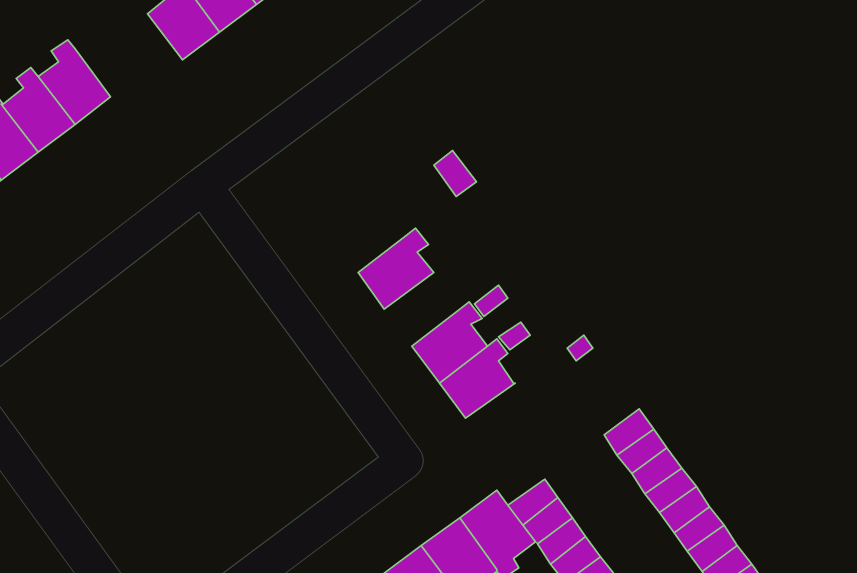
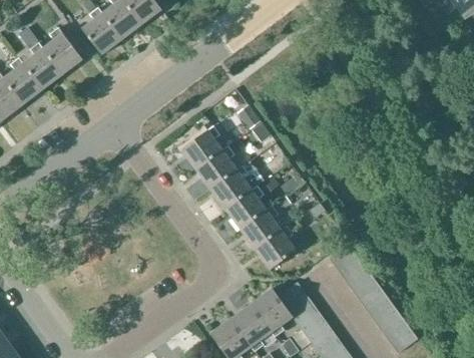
building: none -> [43,28,82,74]
building: none -> [181,126,222,169]
building: none -> [210,165,252,210]
building: none -> [255,226,297,270]

